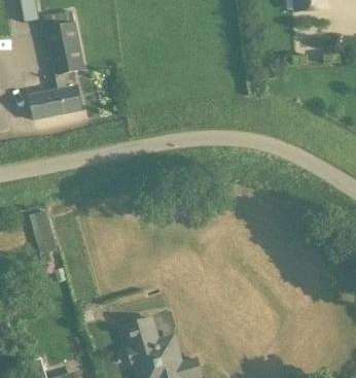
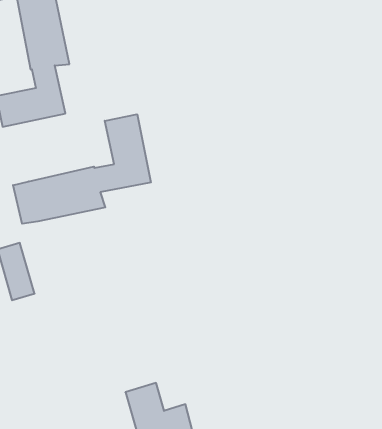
building: none -> [13,114,151,224]

